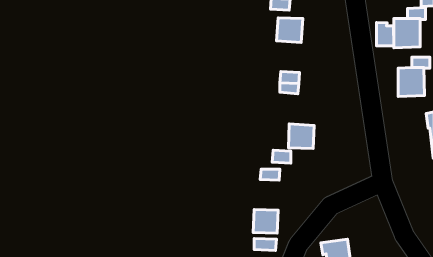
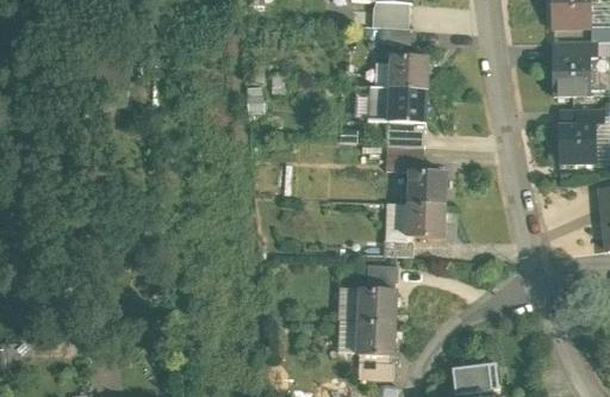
building: [376,23,394,46] -> none
building: none -> [368,85,424,122]
building: none -> [407,169,444,204]
building: none -> [359,287,393,322]

